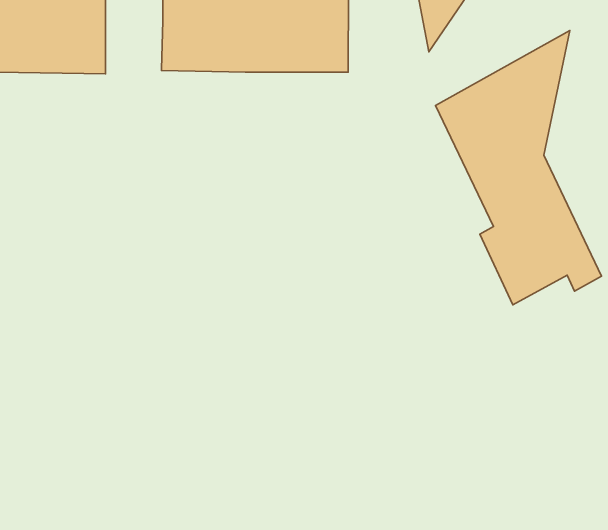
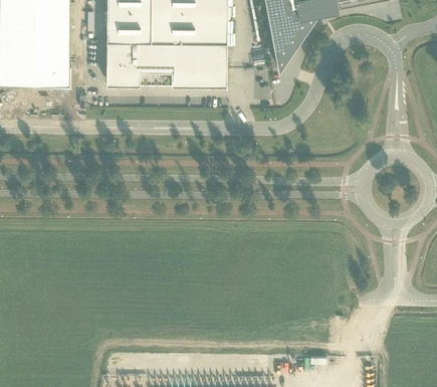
building: [436,31,602,305] -> none

